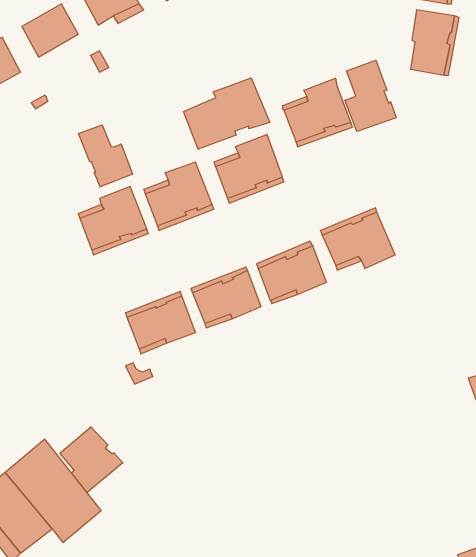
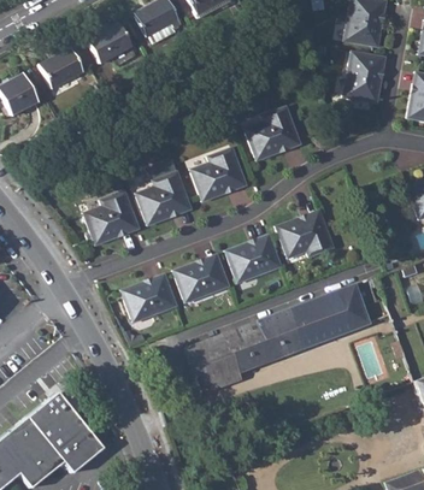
building: [345,60,396,131] -> none
building: [183,78,270,149] -> none
building: [79,125,133,187] -> none
building: none -> [186,282,370,392]
building: [60,427,123,492] -> none

